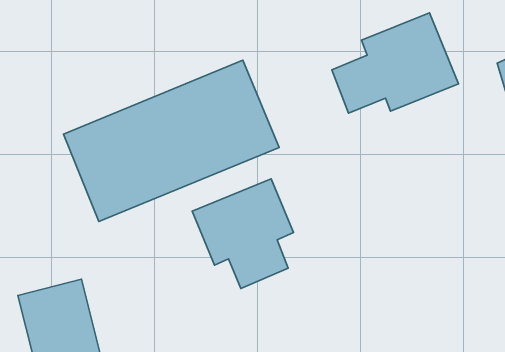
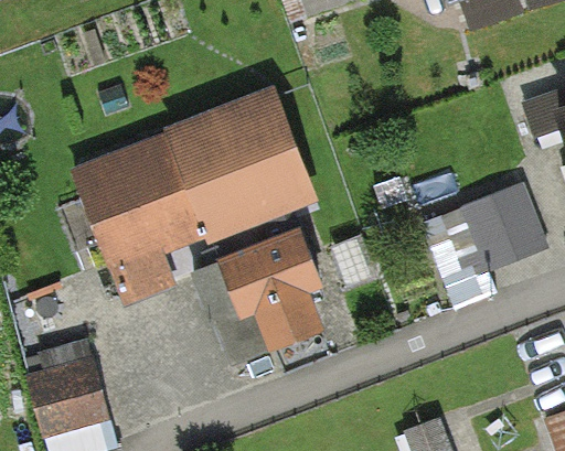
building: [332,13,458,113] -> none
building: none -> [428,189,547,283]

